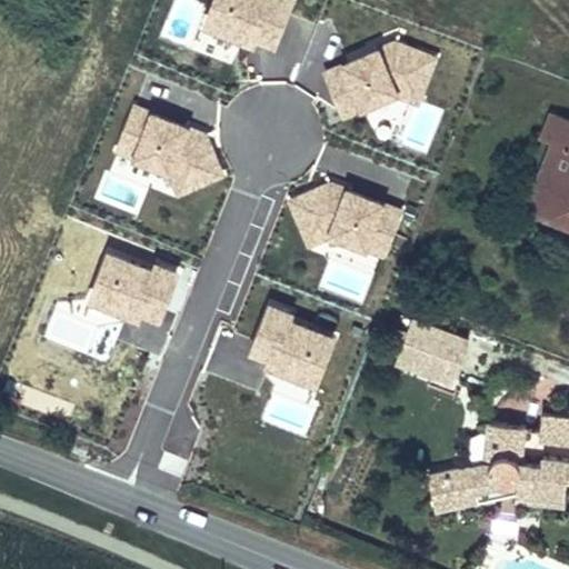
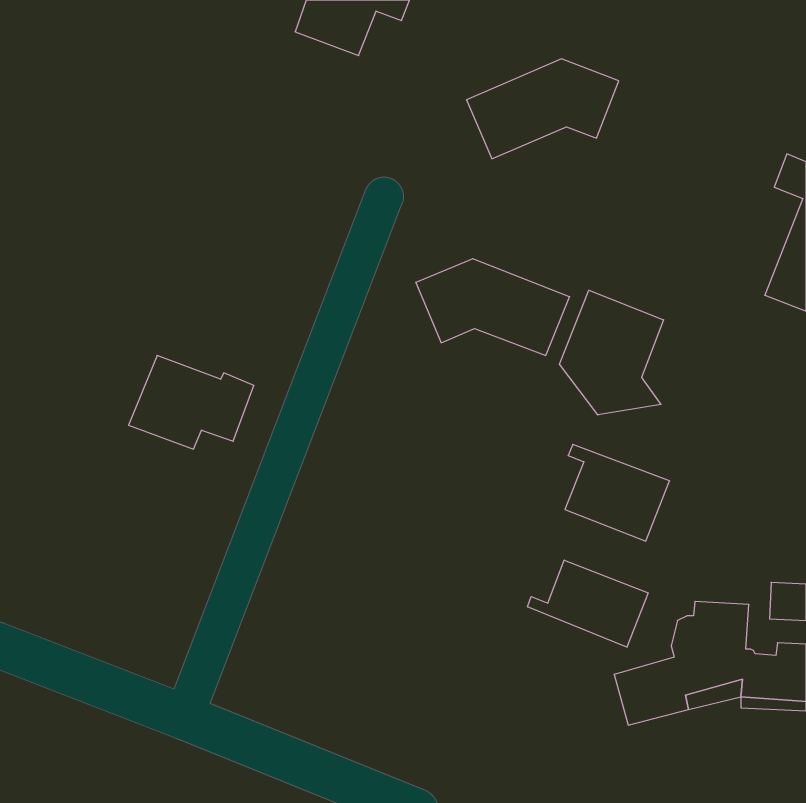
building: [118,110,220,193] -> none
building: none -> [560,290,664,415]
building: [254,309,332,383] -> none
building: none -> [528,560,648,647]

